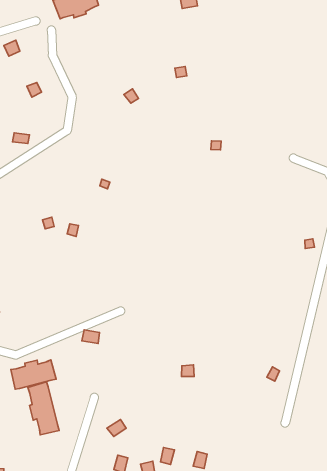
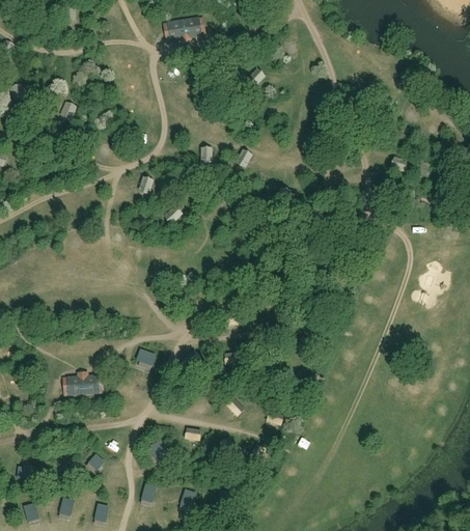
building: [28,382,59,435] -> none

